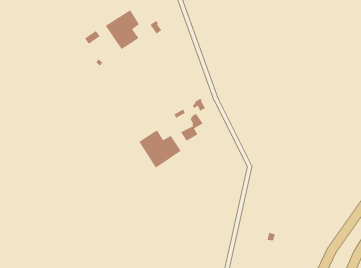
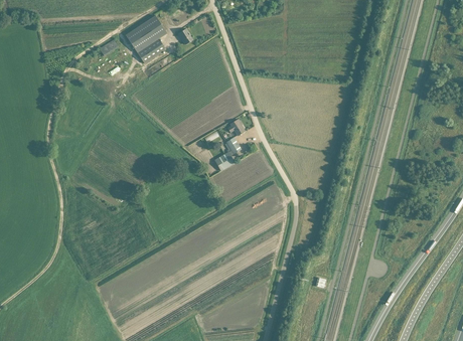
building: [139,130,181,169] -> none

